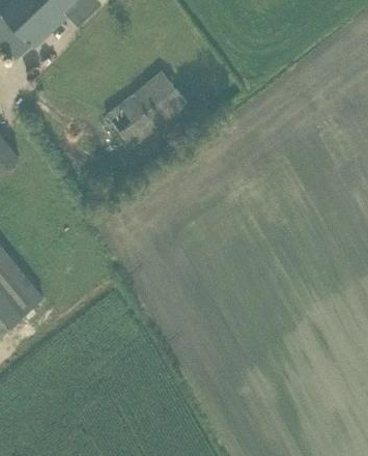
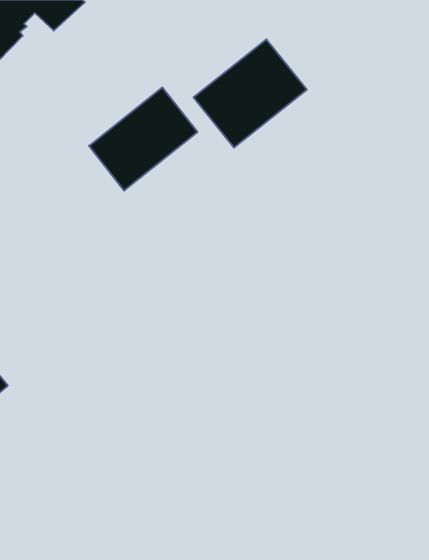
building: none -> [194,39,307,148]

